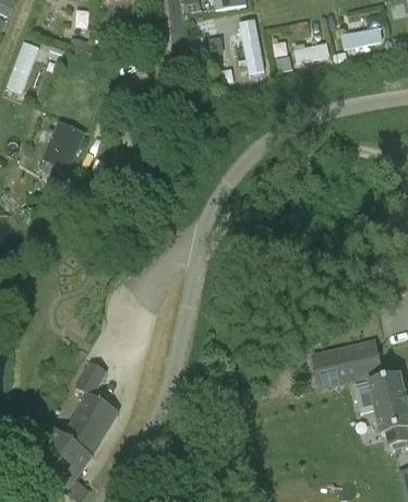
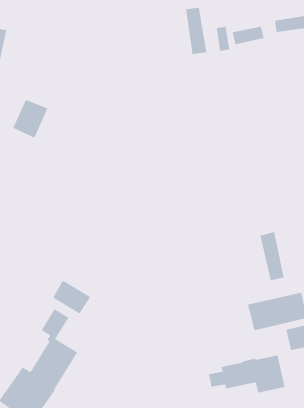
building: none -> [260,231,285,281]
building: none -> [52,280,91,314]
building: none -> [208,354,286,394]

